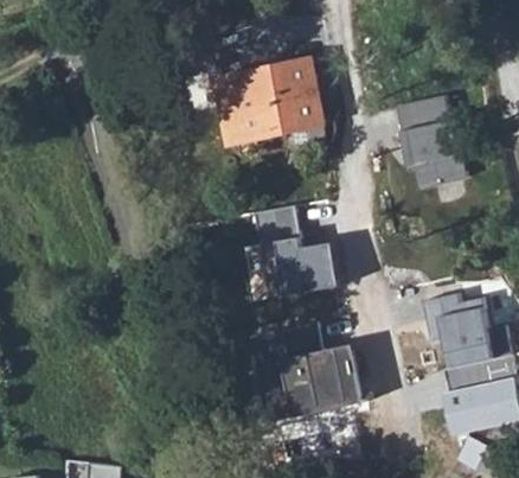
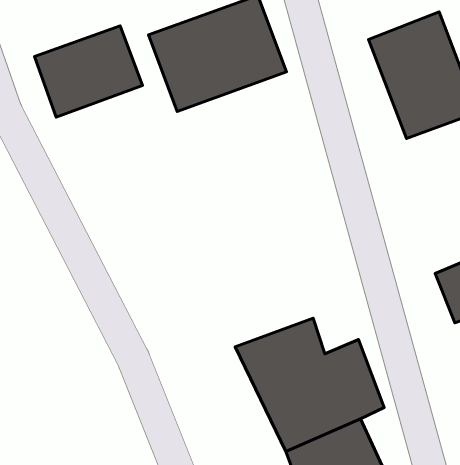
building: none -> [35,26,143,117]
building: [251,208,339,304] -> none

